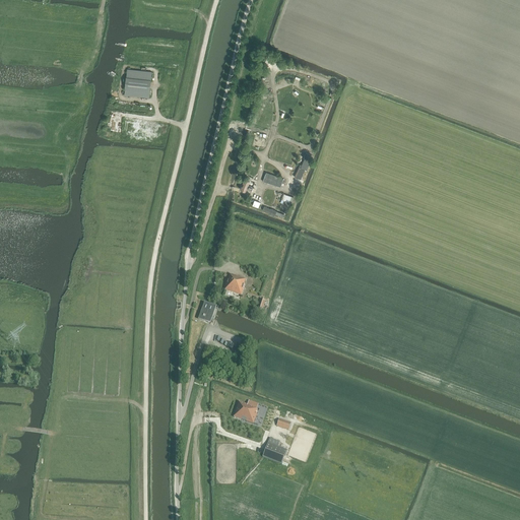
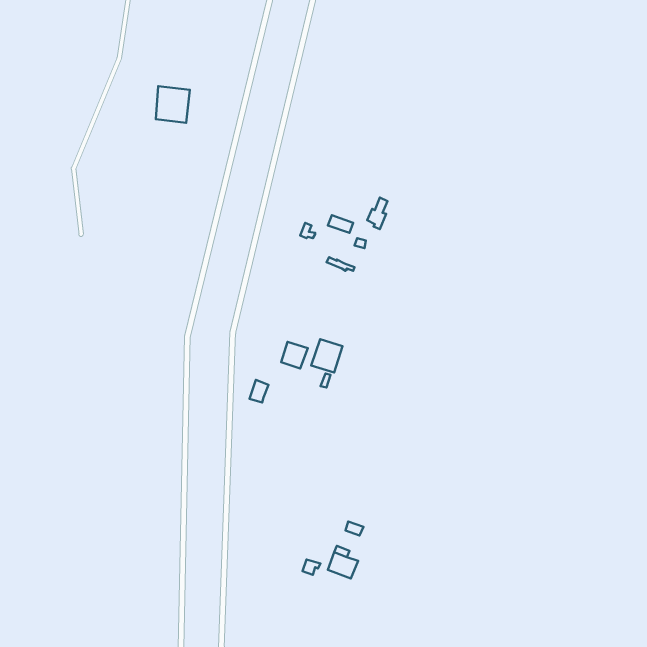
building: none -> [311,339,343,372]
building: [234,400,259,425] -> none

